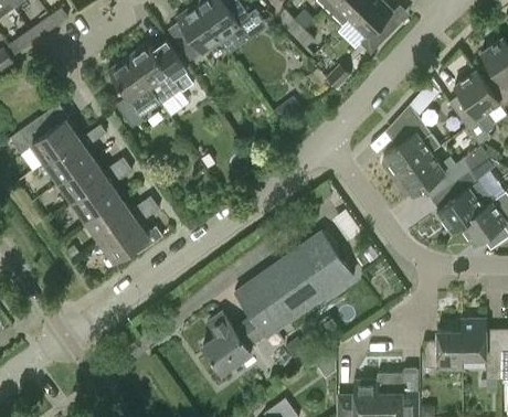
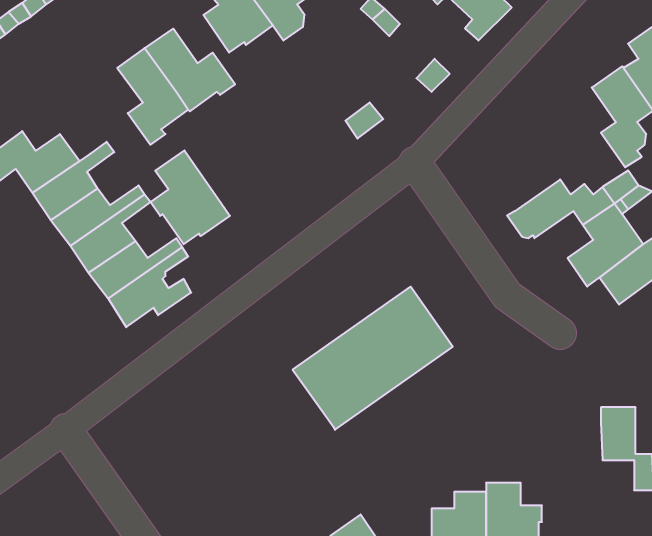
building: [381,113,438,180] -> none
building: none -> [150,150,230,244]
building: [202,310,265,373] -> none
building: [423,331,462,371] -> none

